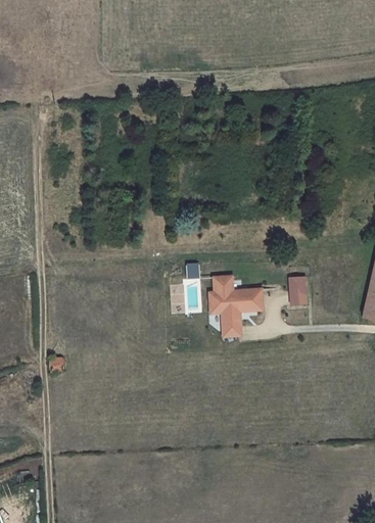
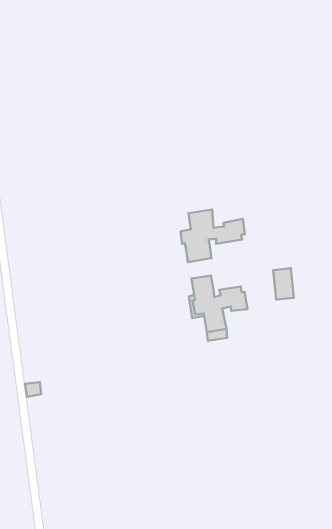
building: none -> [181,210,245,262]

